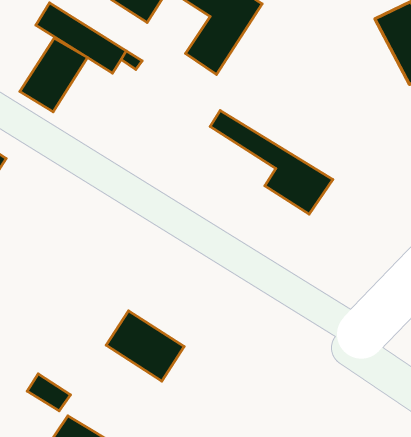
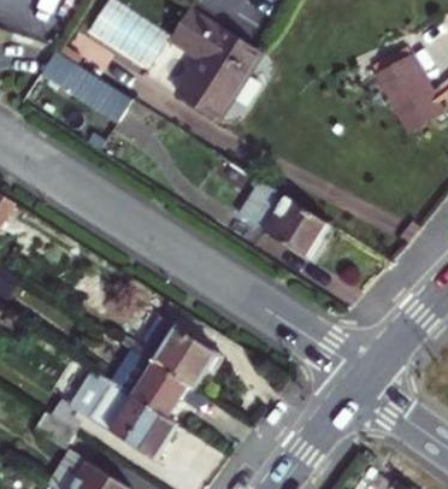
building: [20,38,87,112] -> none
building: none -> [119,317,220,389]
building: none -> [66,371,175,460]

